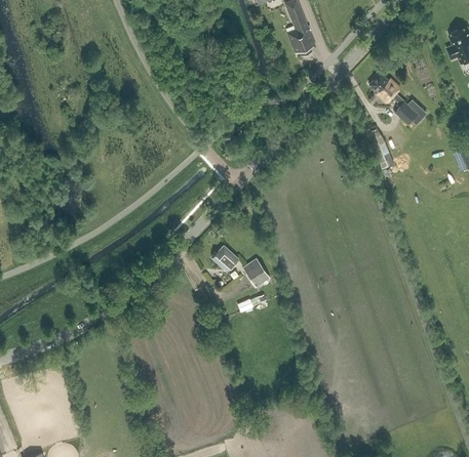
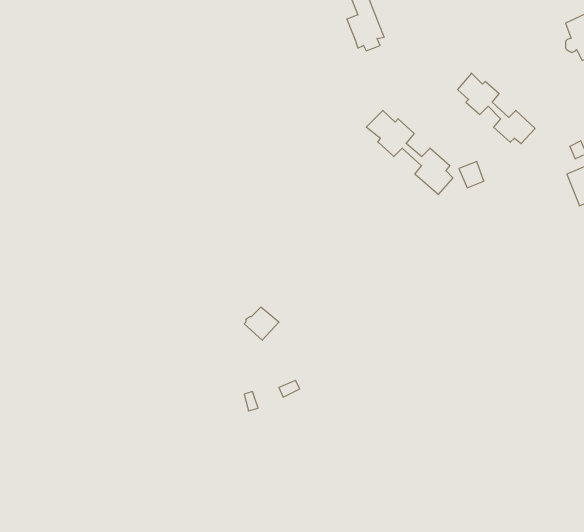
building: none -> [366,110,453,195]
building: [243,259,270,288] -> none

